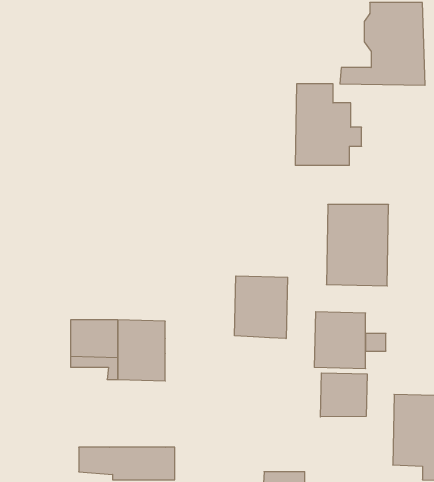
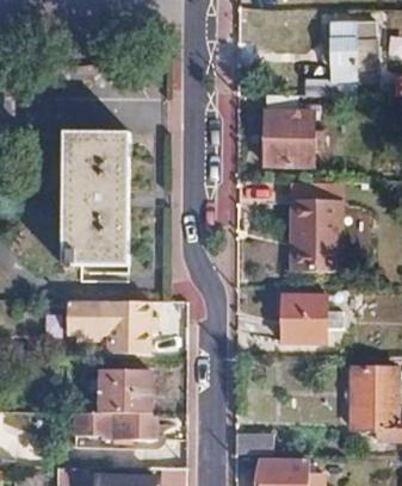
building: none -> [62,132,128,266]
building: [235,276,288,339] -> none
building: [320,373,367,417] -> none
building: none -> [99,370,148,412]

